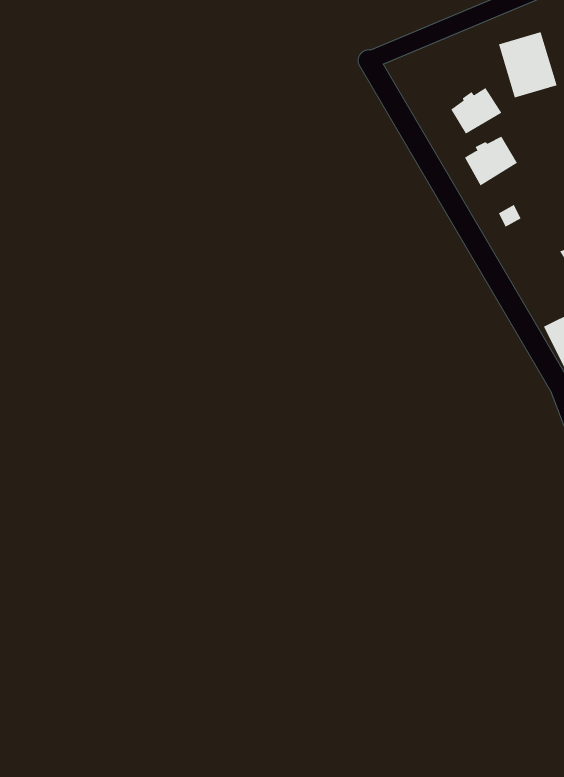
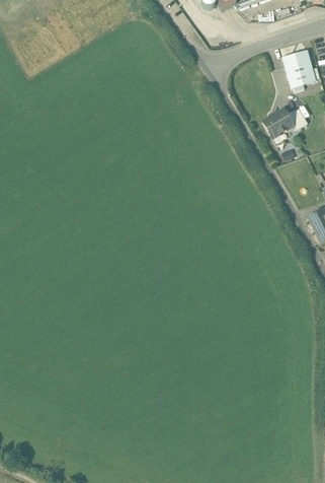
building: [450,87,502,135] -> none

